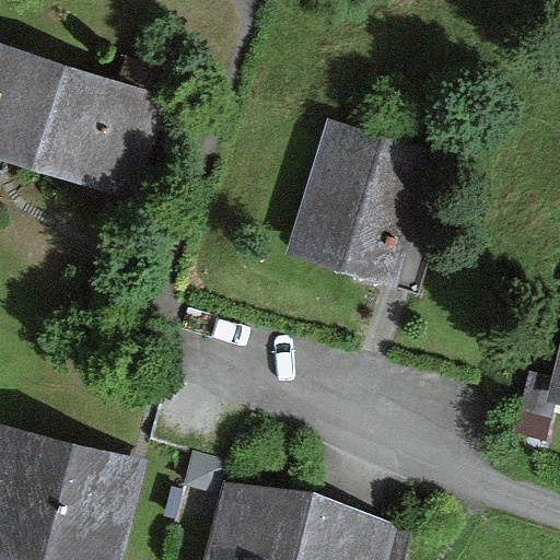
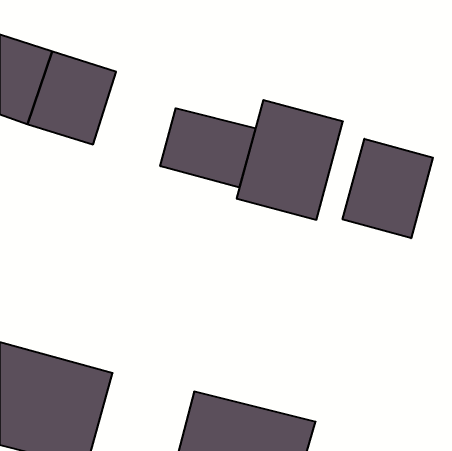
building: none -> [160,108,256,188]
building: none -> [343,139,433,238]

